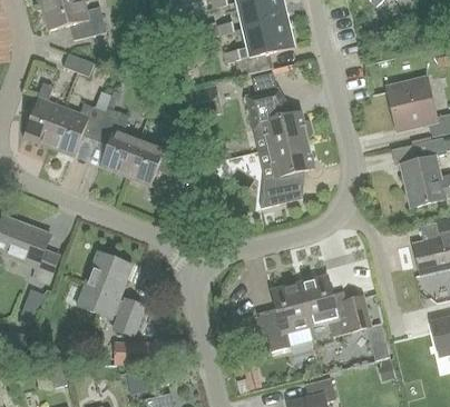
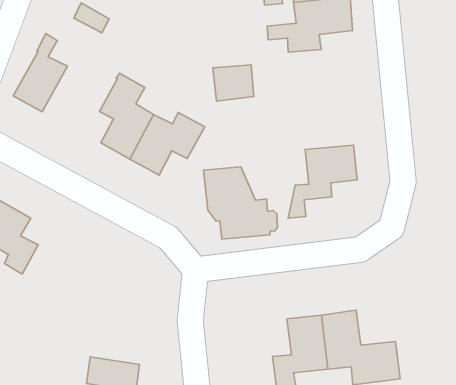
building: [245,88,312,149] -> [204,167,278,239]
building: [48,102,106,157] -> none
building: [76,251,145,336] -> none

